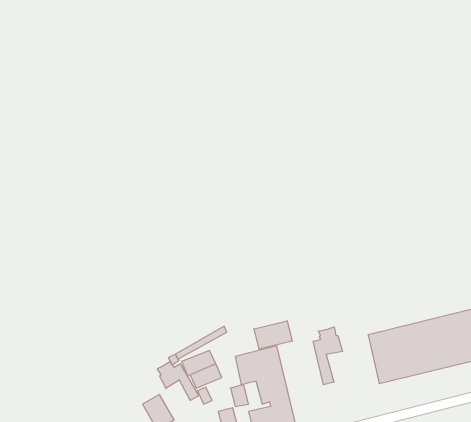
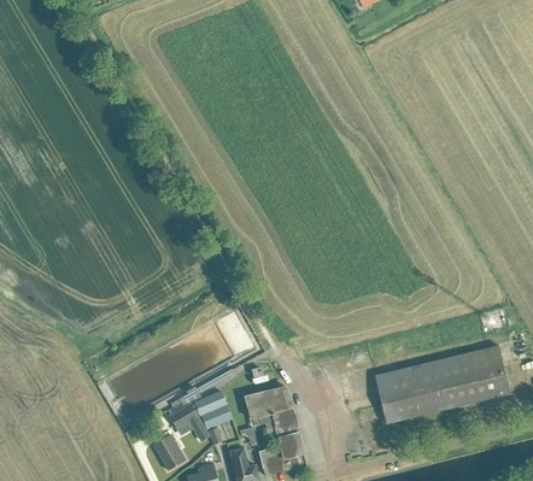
building: [254,321,292,349] -> none
building: [313,327,343,385] -> none

